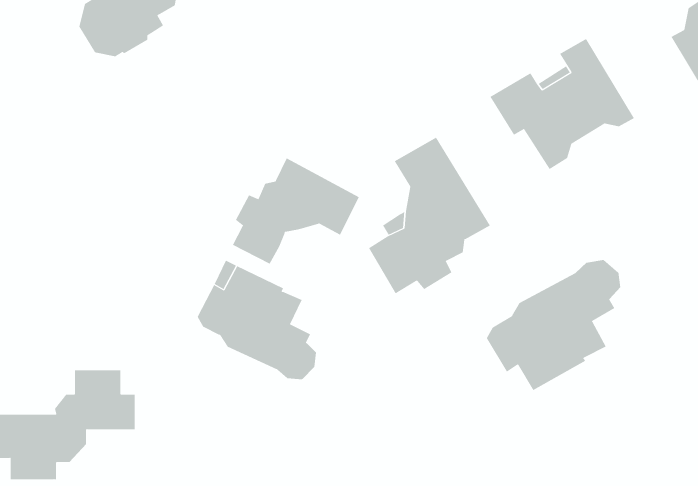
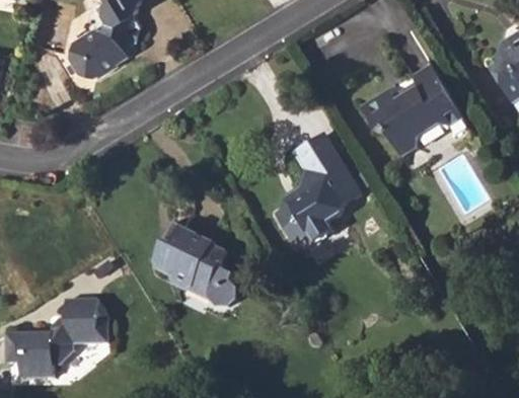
building: [232,158,359,265] -> none
building: [486,259,621,391] -> none

